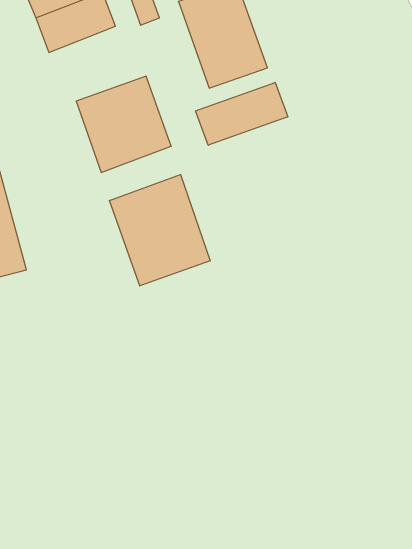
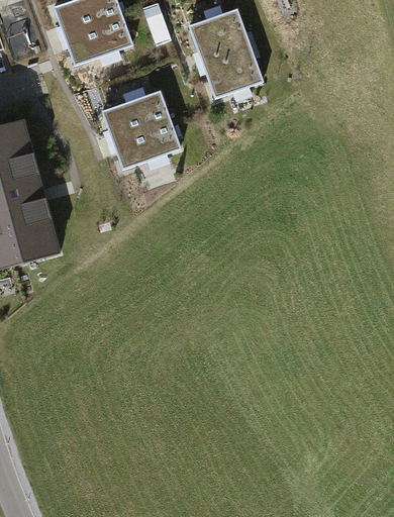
building: [195,82,288,145] -> none
building: [109,175,210,286] -> none

